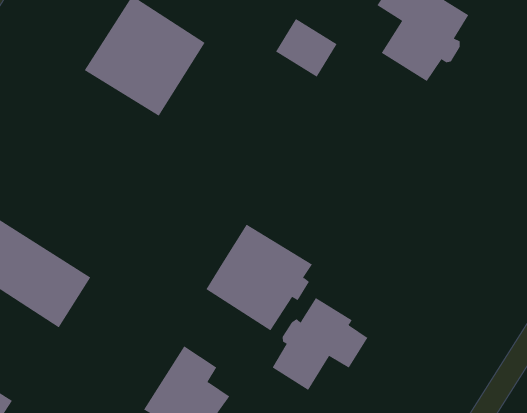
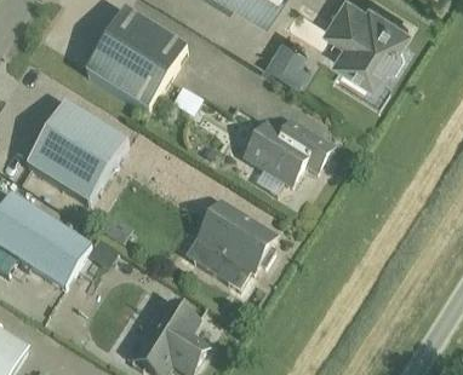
building: none -> [25,105,127,207]
building: none -> [245,123,332,189]
building: [272,297,368,391] -> none

